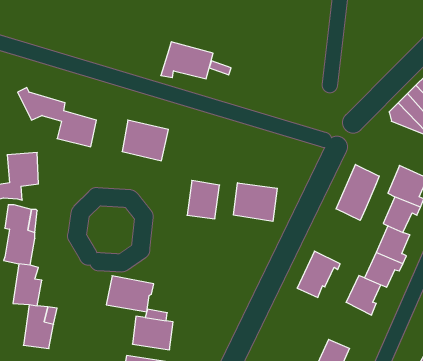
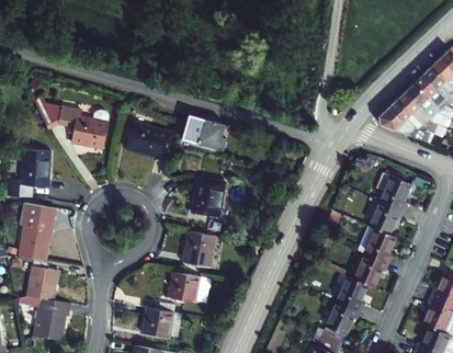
building: [161,42,213,79] -> [178,115,227,150]
building: [336,164,379,220] -> none
building: [234,183,277,221] -> none
building: none -> [183,231,215,267]
building: [297,251,340,297] -> [324,295,364,339]
building: [106,276,154,312] -> [162,271,207,305]

